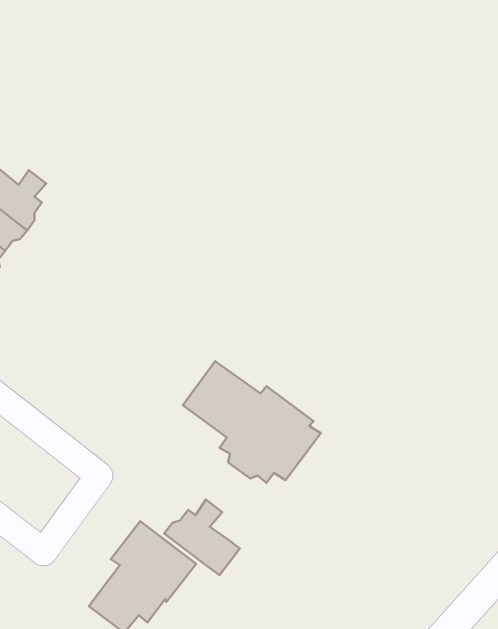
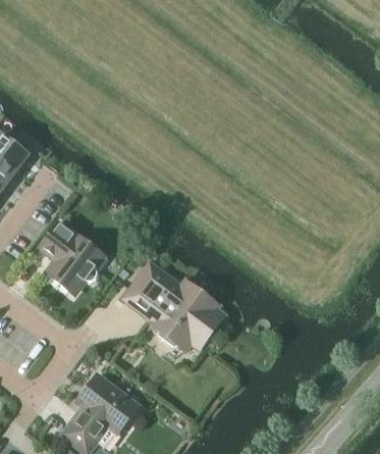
building: none -> [40,221,104,294]
building: [164,499,240,575] -> none

